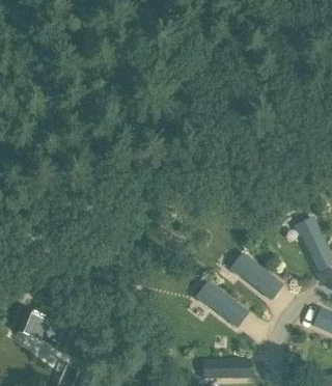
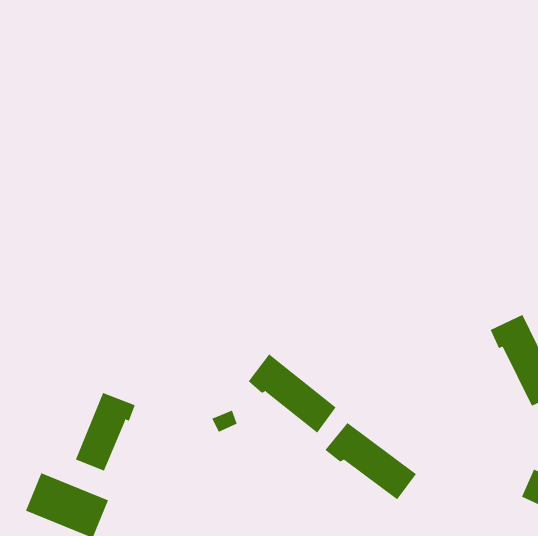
building: [230,252,283,300] -> [248,353,337,433]
building: none -> [75,392,135,471]

